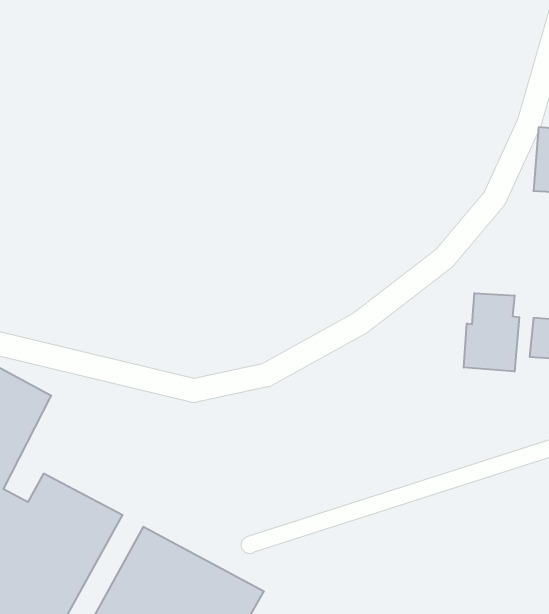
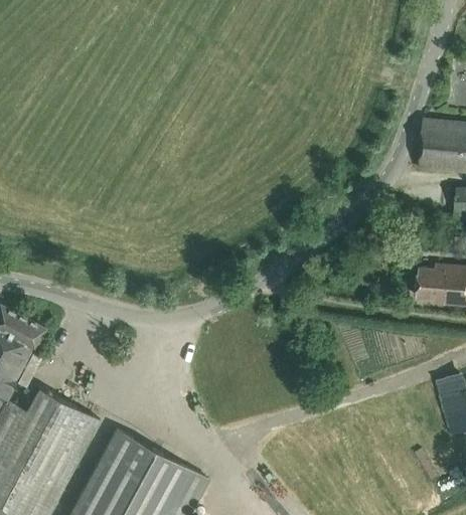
building: [464,293,519,372] -> none

